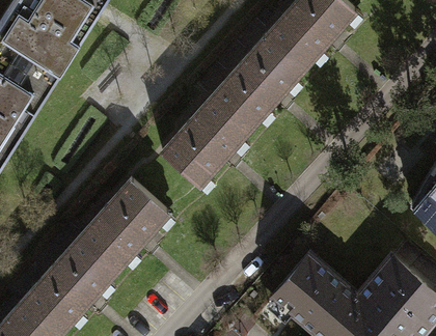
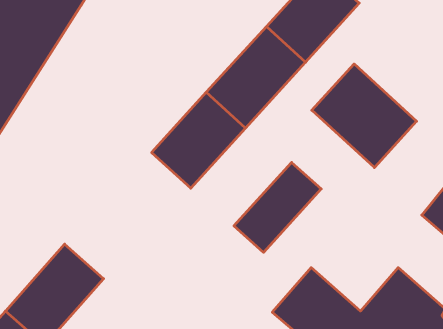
building: none -> [312,64,417,168]
building: none -> [234,162,321,252]
building: [81,180,166,269] -> none

